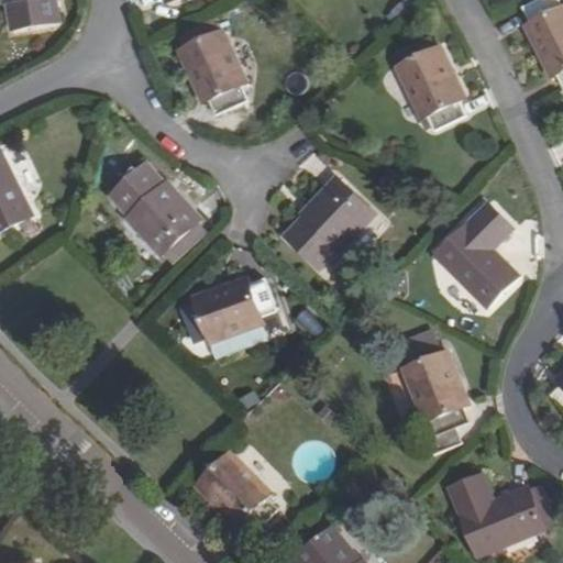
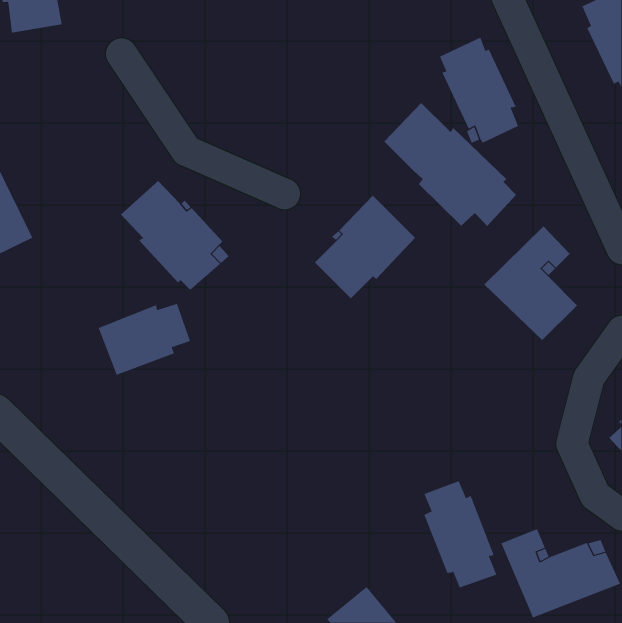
building: [174,18,245,113] -> none
building: none -> [383,102,517,227]
building: [191,276,275,341] -> [98,303,191,376]
building: [402,336,468,433] -> [423,480,497,588]
building: [195,445,276,534] -> none

